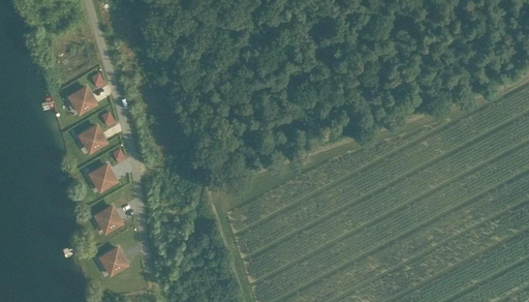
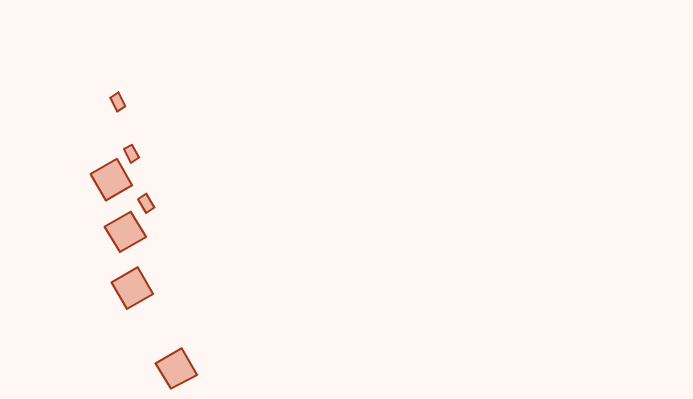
building: [66,85,97,115] -> none
building: [97,246,128,276] -> [155,348,197,389]

